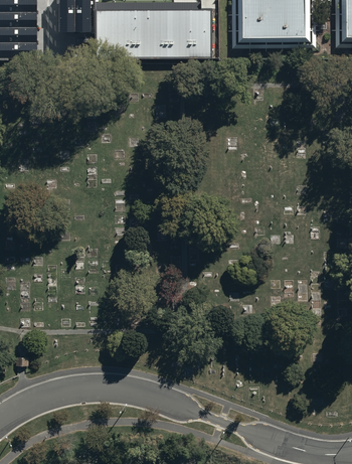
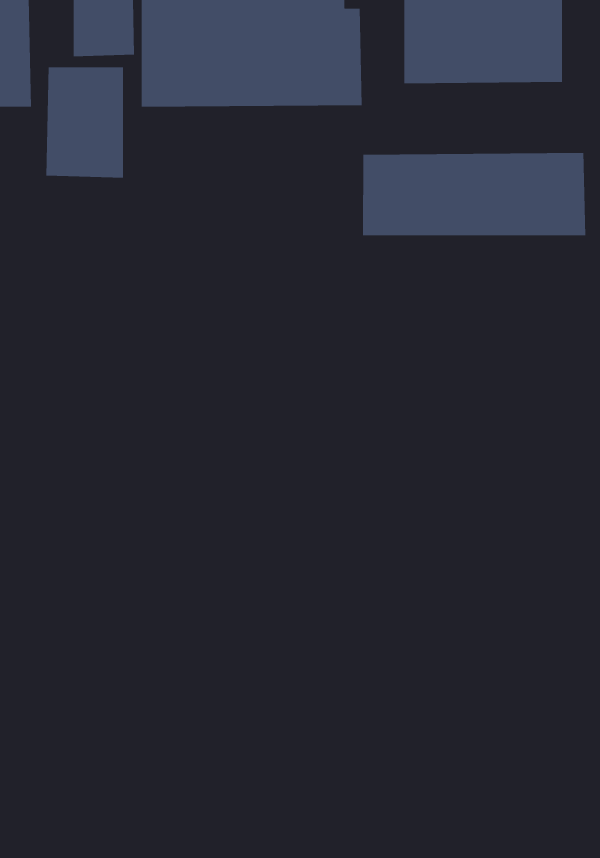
building: none -> [46,66,124,179]
building: none -> [363,152,586,236]

